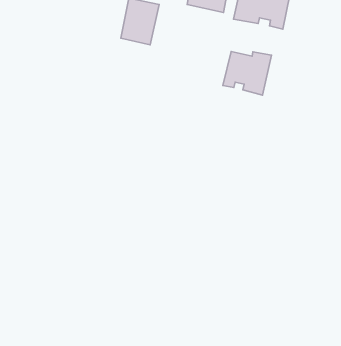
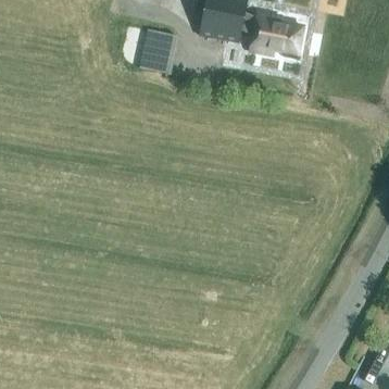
building: [223,51,272,95] -> none

